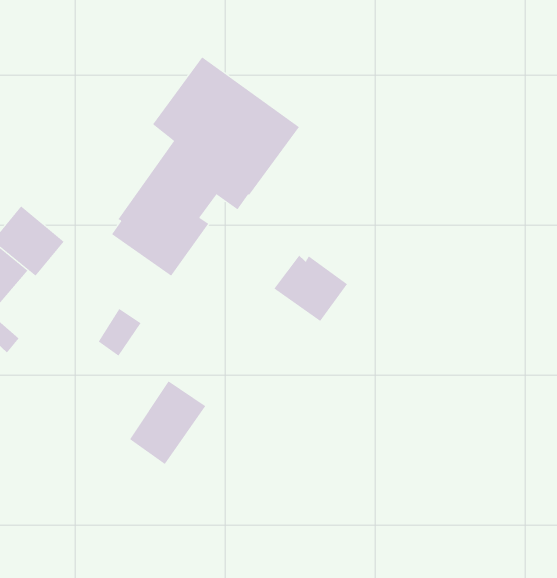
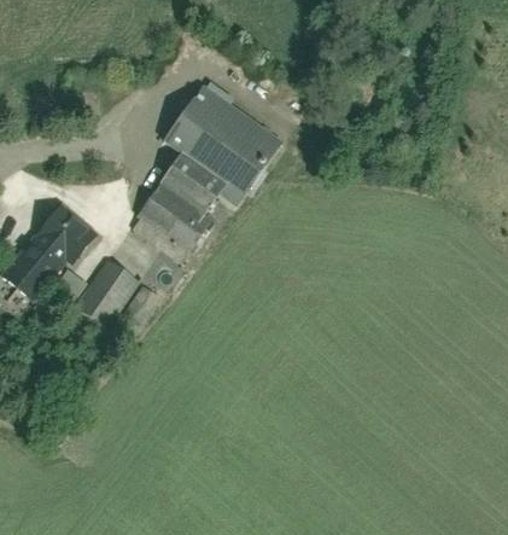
building: [274,255,348,322] -> none
building: [129,380,206,465] -> [76,258,138,326]

